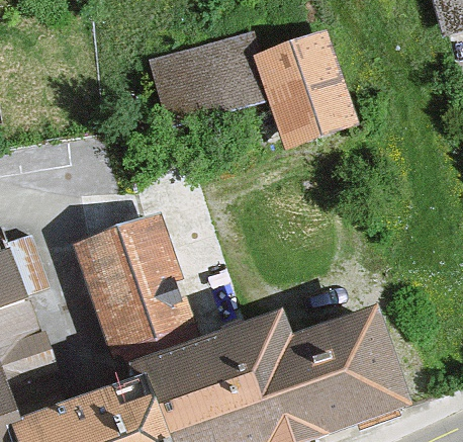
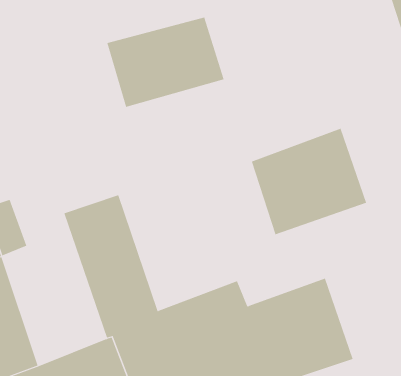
building: [256,33,359,151] -> none
building: none -> [251,128,367,235]

